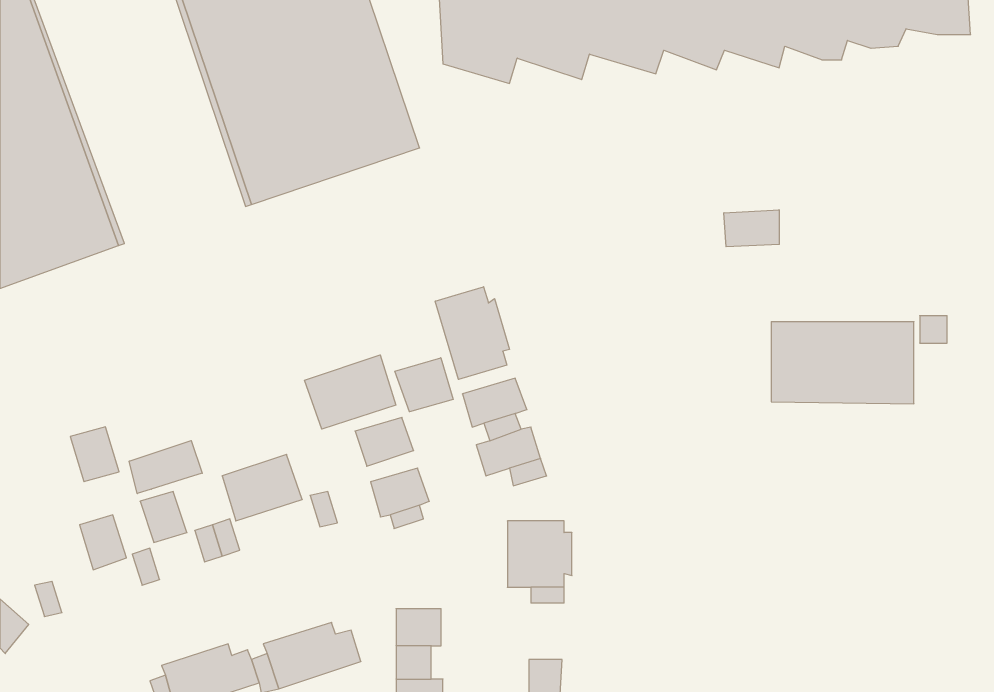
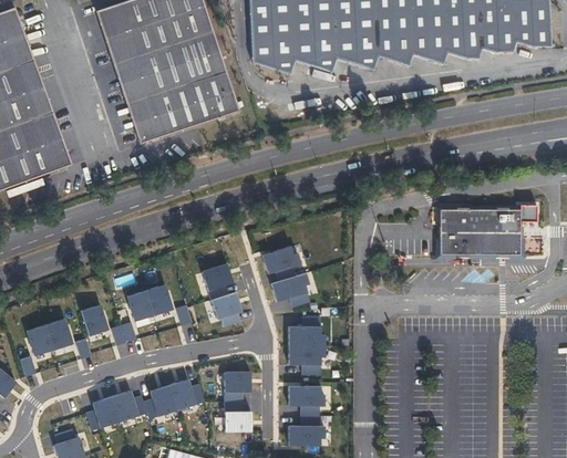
building: [724,210,779,247] -> none
building: [435,287,509,379] -> none
building: [304,355,396,429] -> none
building: [395,358,453,412] -> none
building: [70,427,119,482] -> [25,324,53,355]
building: [129,441,202,494] -> none
building: none -> [289,381,324,400]

